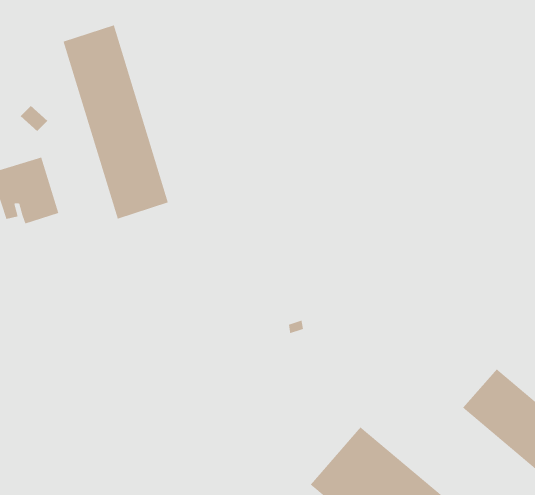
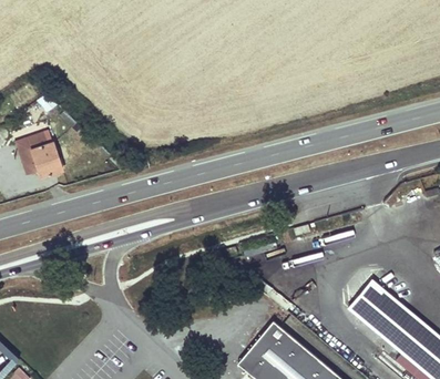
building: [63,24,169,220] -> none

